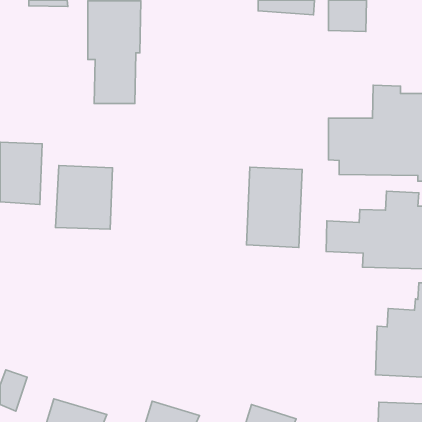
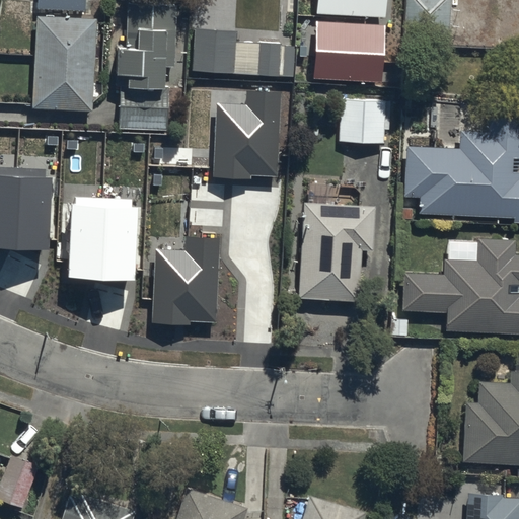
building: none -> [33,20,101,112]
building: none -> [315,22,386,83]
building: none -> [191,26,293,73]
building: none -> [215,91,282,179]
building: none -> [337,98,383,142]
building: none -> [153,238,221,325]

